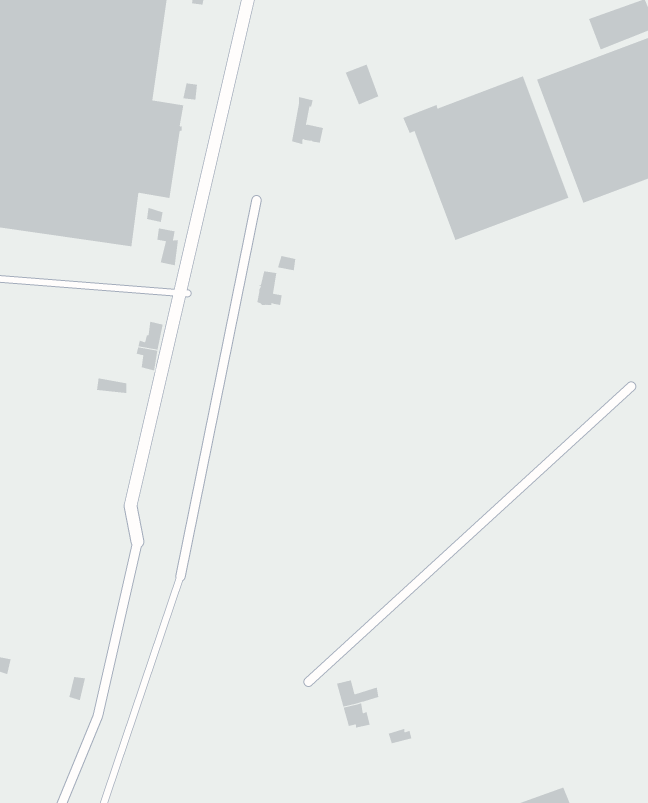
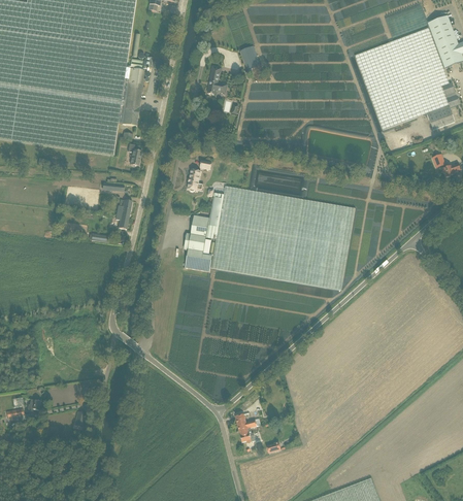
building: [402,75,569,241] -> none
building: none -> [183,185,355,289]

